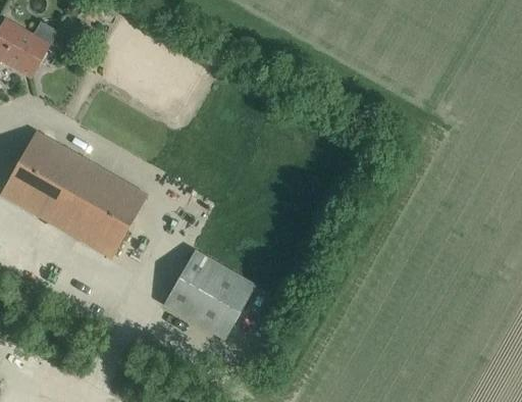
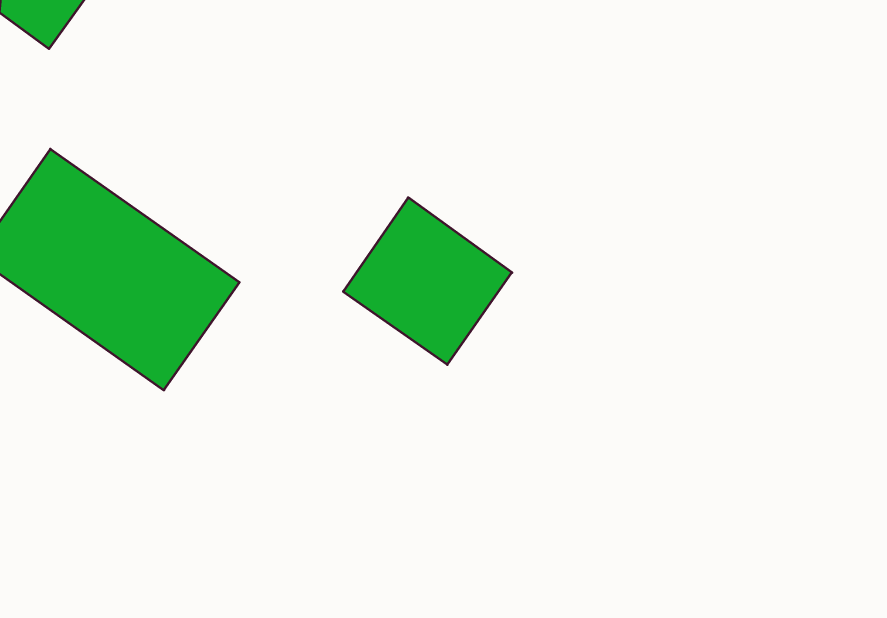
building: [163,249,255,339] -> [343,198,512,365]

